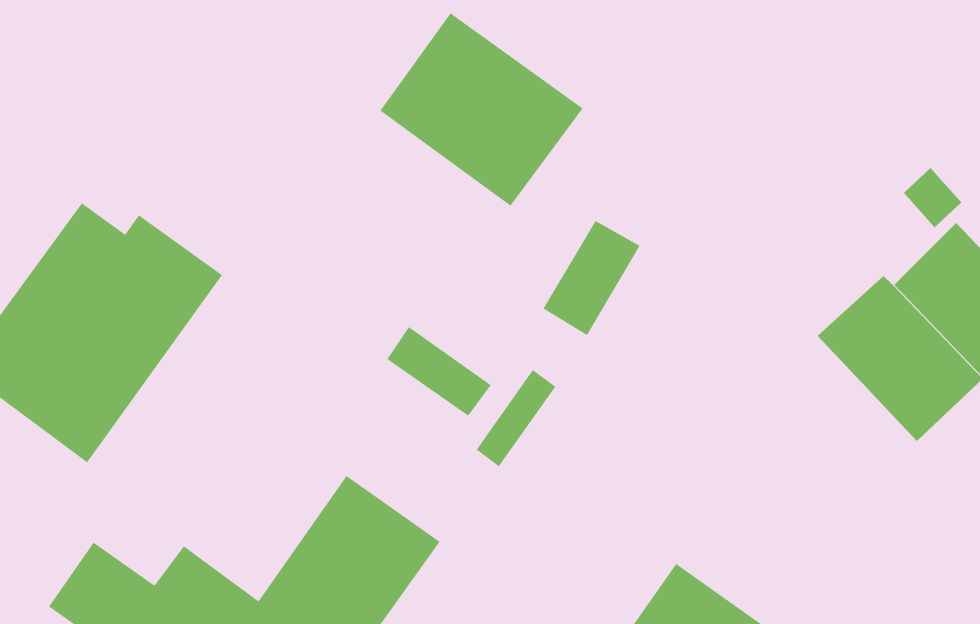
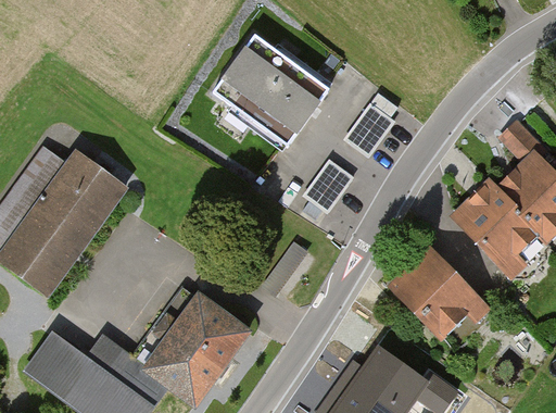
building: none -> [348,98,400,152]
building: [386,326,491,416] -> none
building: none -> [389,250,477,339]

